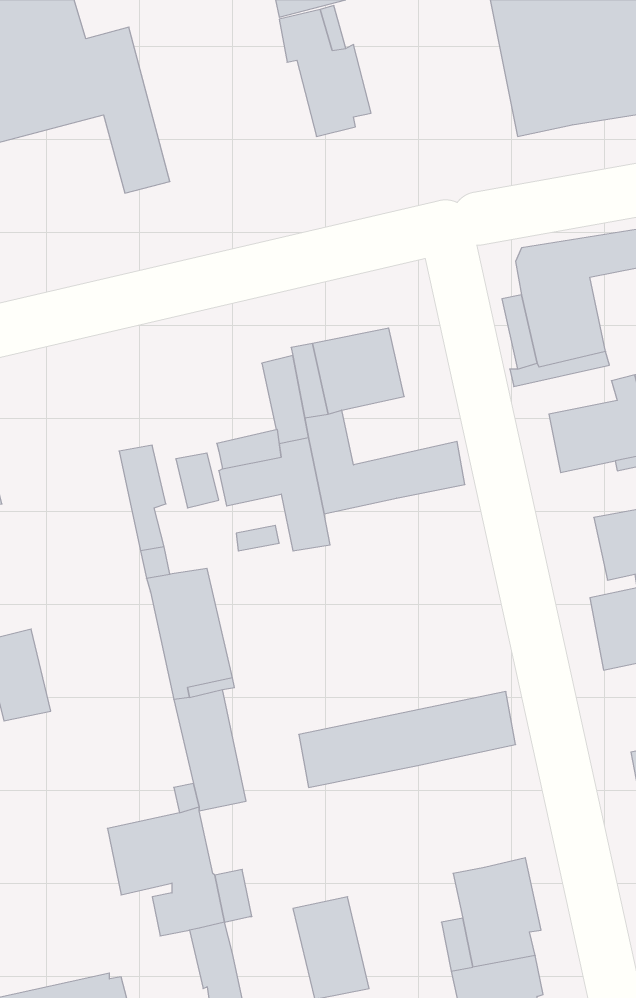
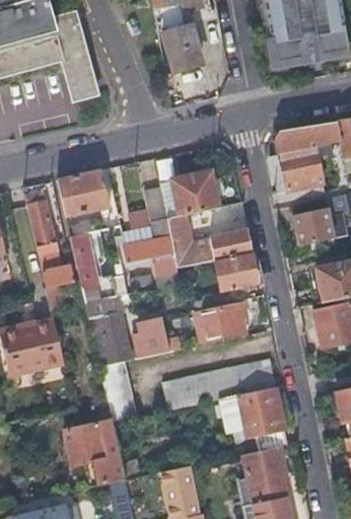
building: none -> [58,169,110,222]
building: none -> [25,191,76,287]
building: none -> [215,251,258,291]
building: none -> [197,302,249,342]
building: none -> [133,315,170,356]
building: none -> [25,319,65,369]
building: none -> [225,386,287,450]

